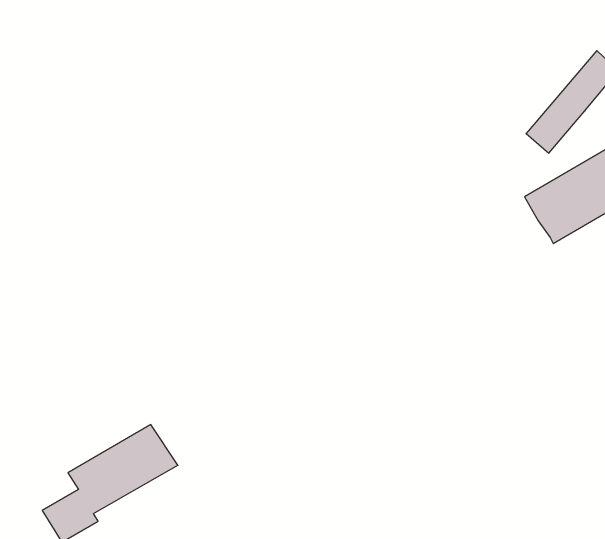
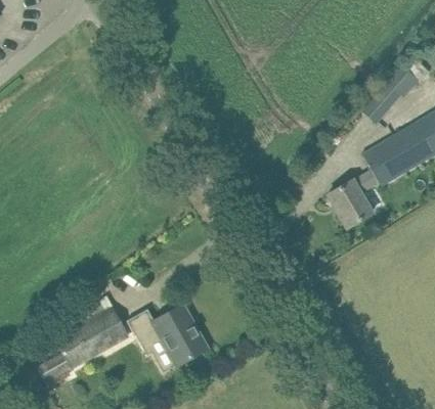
building: none -> [327,170,379,228]
building: none -> [136,305,206,365]

